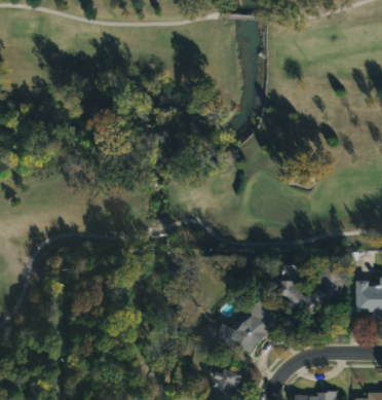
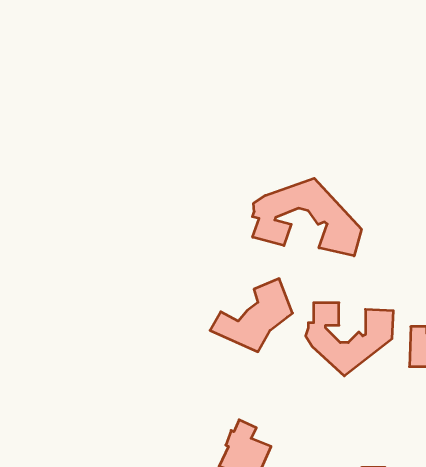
building: none -> [252,178,361,256]
building: [218,299,281,356] -> [210,279,293,352]

